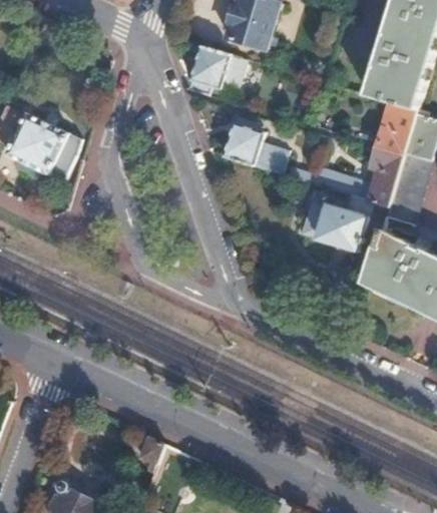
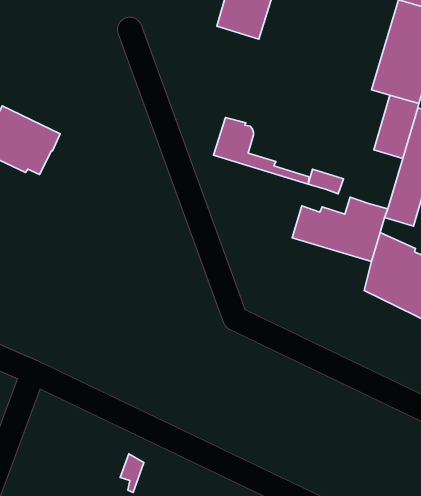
building: [187,46,243,93] -> none
building: [368,152,400,207] -> none

